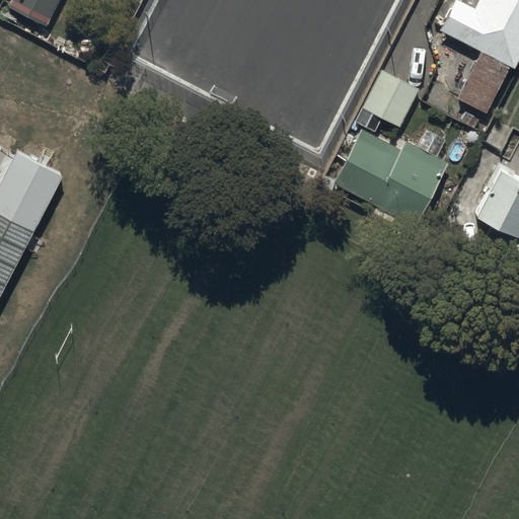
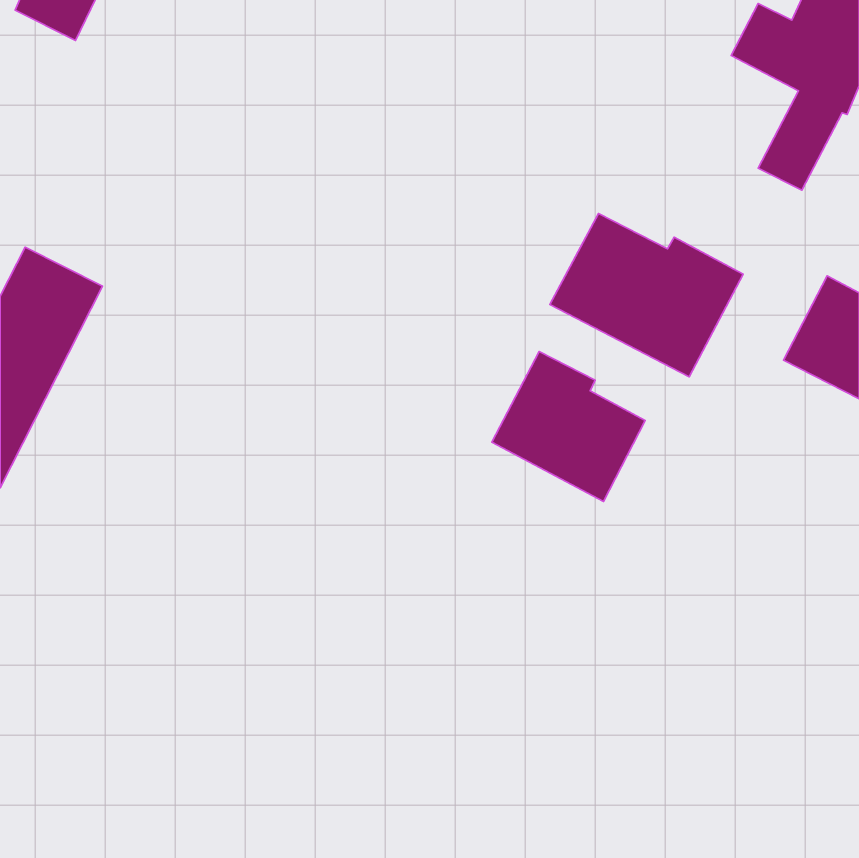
building: [363,71,419,128] -> none
building: none -> [492,351,645,502]

